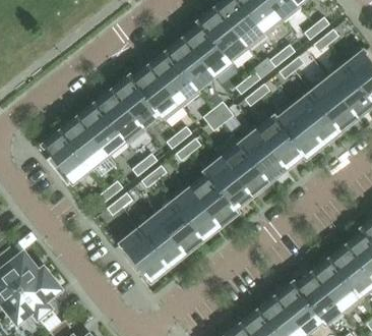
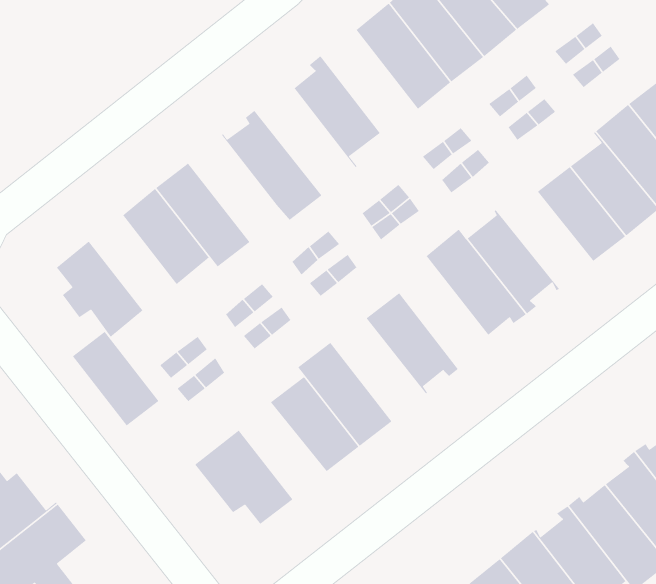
building: [182,21,233,75] -> none
building: [147,52,200,108] -> none
building: [113,76,159,132] -> none
building: [273,101,324,157] -> none
building: [61,118,107,168] -> [72,331,159,426]
building: [215,134,269,199] -> none
building: [187,172,237,226] -> none
building: [139,216,185,267] -> none

